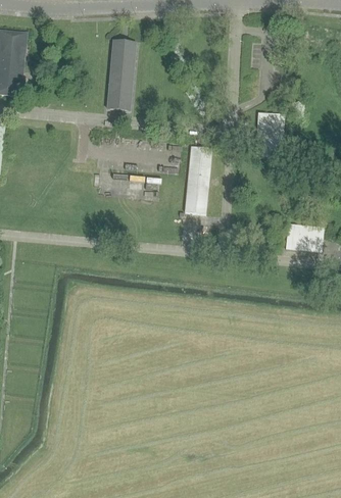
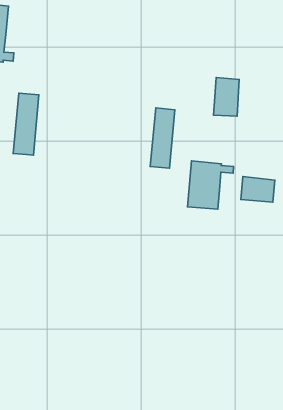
building: [107,41,136,110] -> [13,93,39,155]
building: none -> [188,161,233,209]

